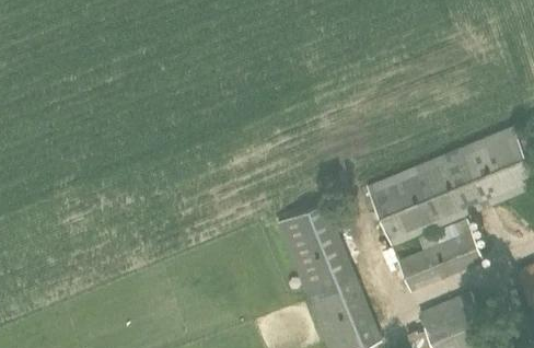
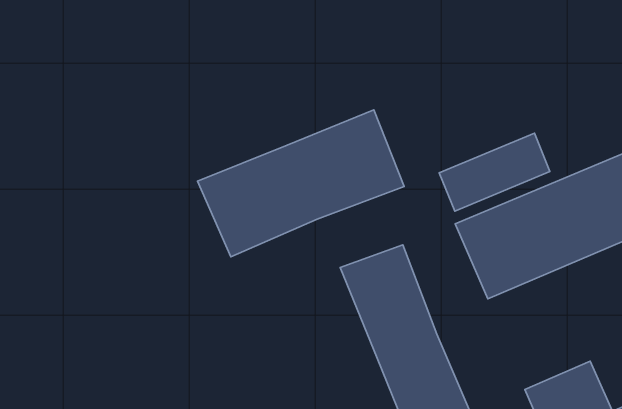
building: none -> [197,110,404,257]
building: [397,231,483,291] -> [439,133,550,211]

